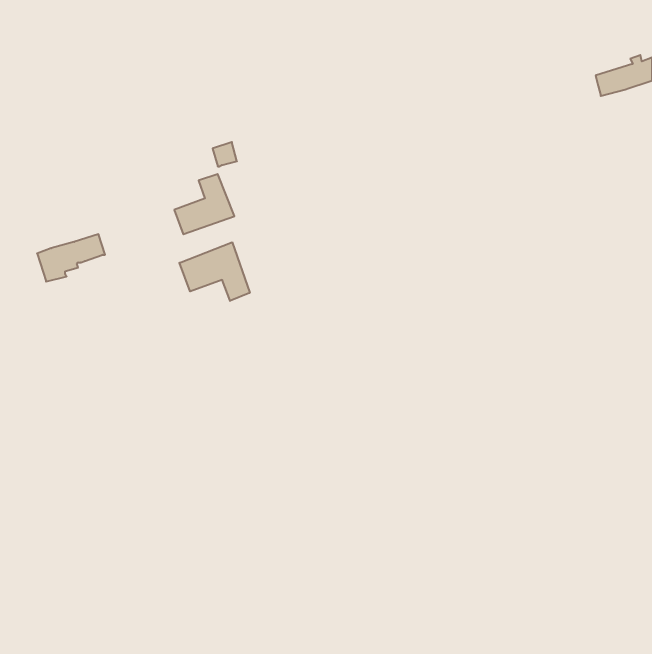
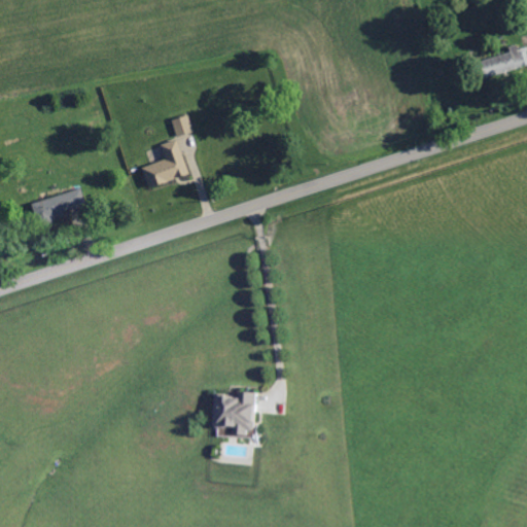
building: [179,242,250,301] -> none
building: none -> [214,391,258,435]

